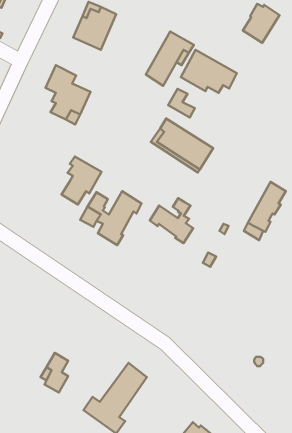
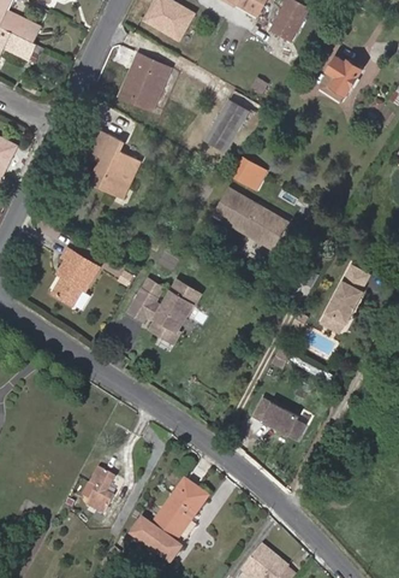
building: [181,50,237,93] -> none
building: [62,157,101,205] -> [53,247,100,303]
building: [150,198,193,243] -> none
building: none -> [252,396,304,440]

